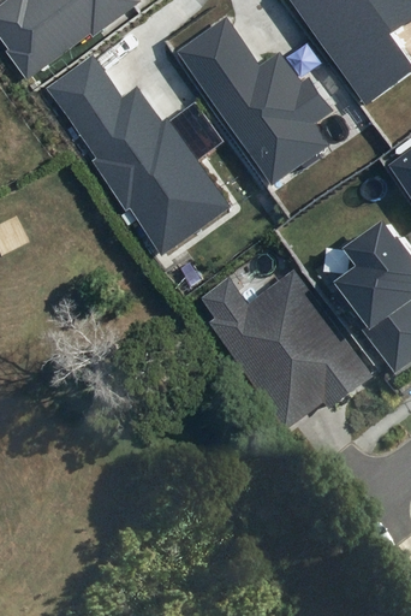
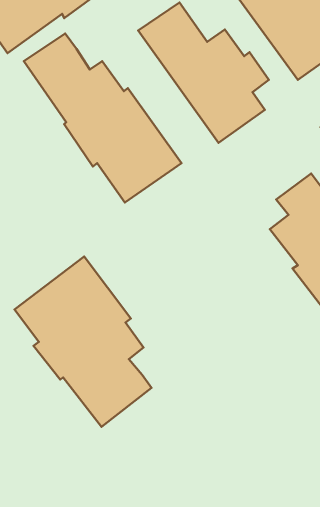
building: [198,273,371,427] -> none
building: none -> [15,256,151,427]

